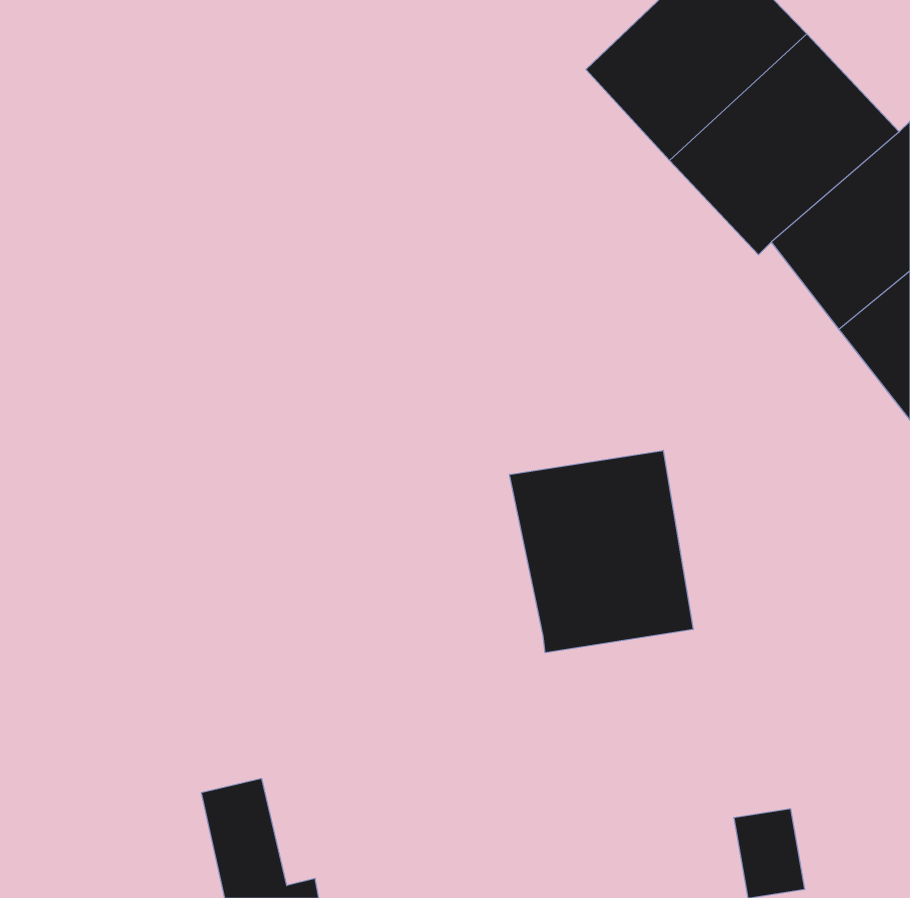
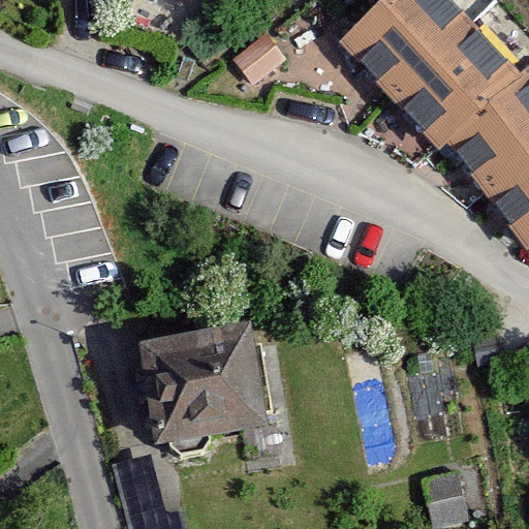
building: [510,450,693,653] -> none
building: none -> [144,326,264,453]

